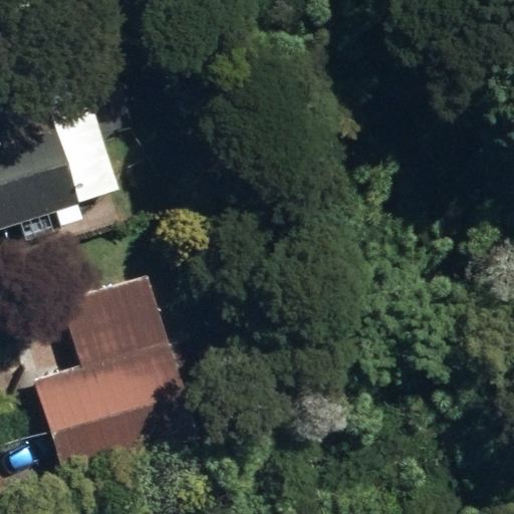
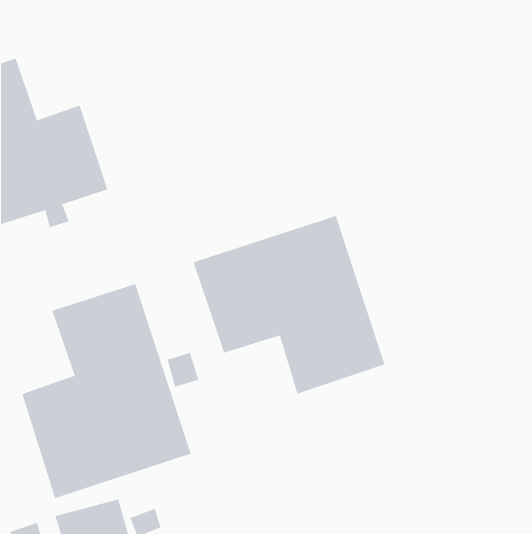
building: none -> [193,215,385,394]

